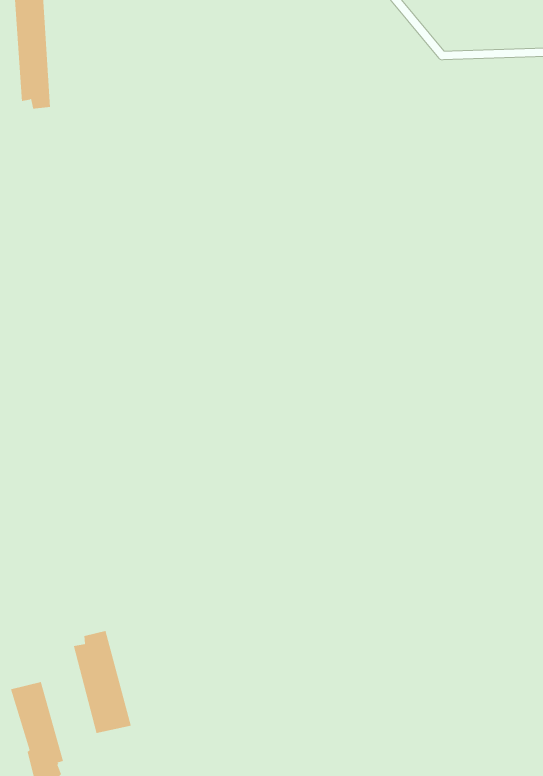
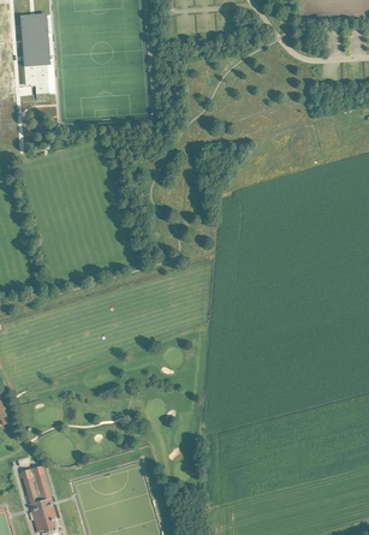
building: [73,630,131,734] -> none

